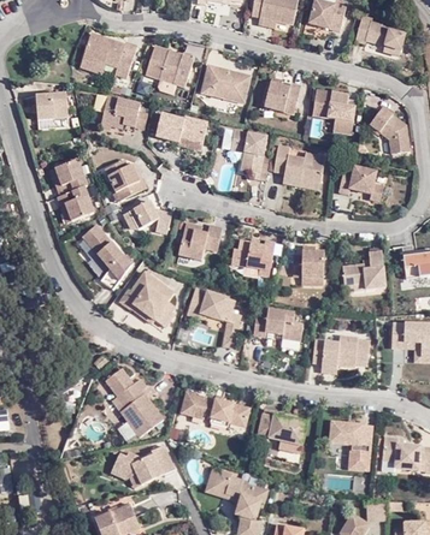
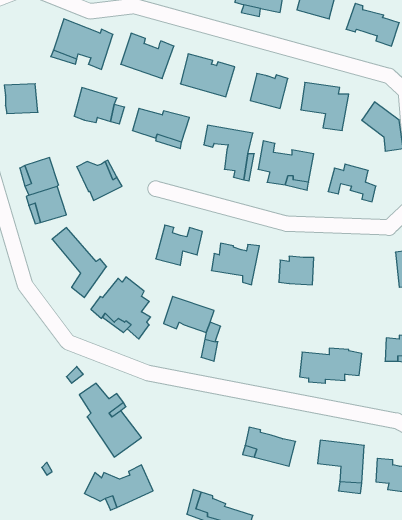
building: [123,200,171,232] -> none
building: [341,248,383,289] -> none
building: [252,308,302,340] -> none
building: [182,391,249,427] -> none

